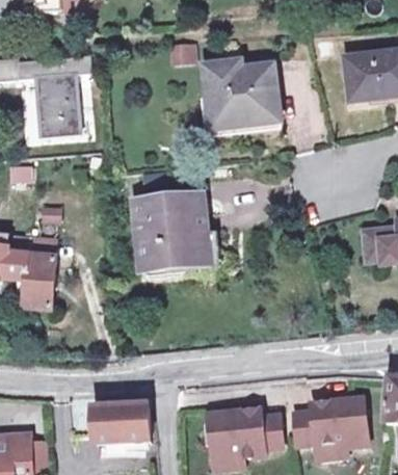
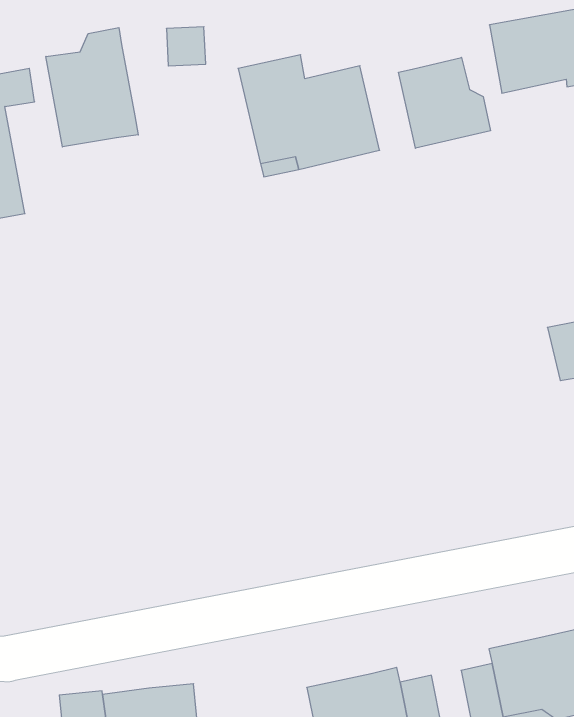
building: none -> [46,28,138,147]
building: none -> [399,57,490,148]
building: [139,195,209,268] -> none

